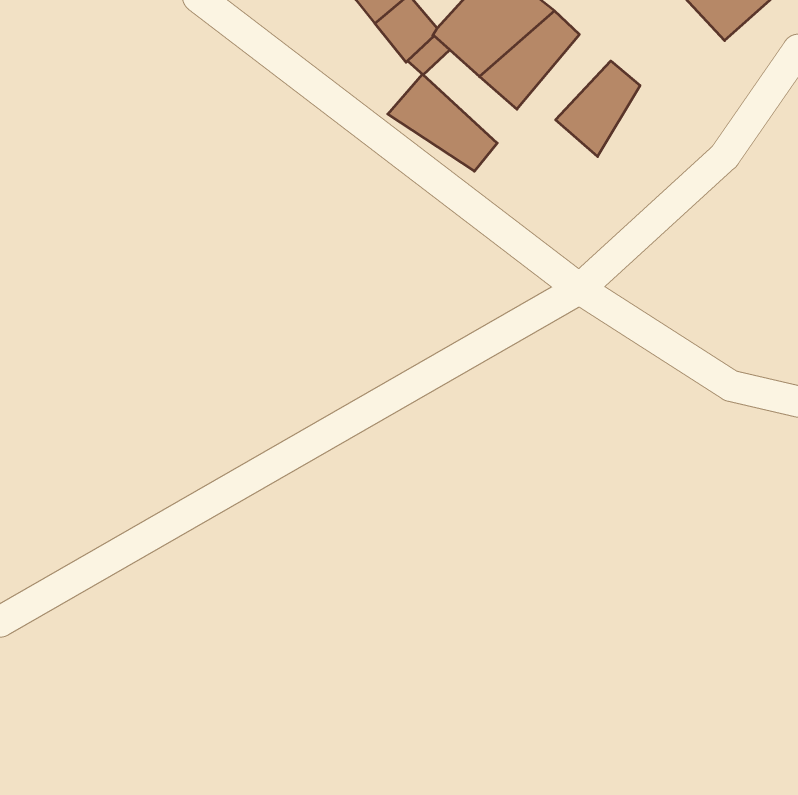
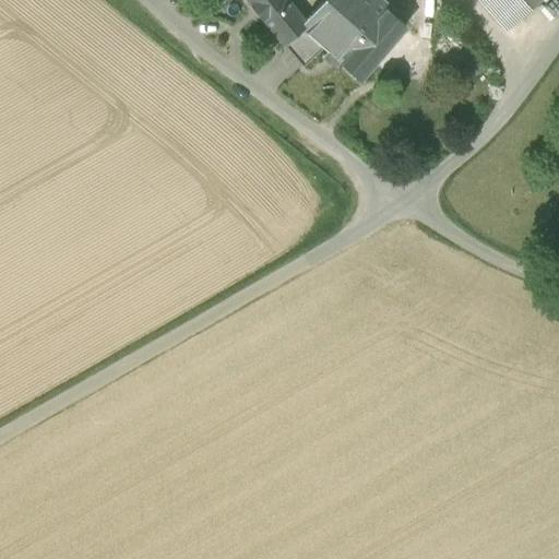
building: [556,61,640,157] -> none
building: [388,74,497,171] -> none

